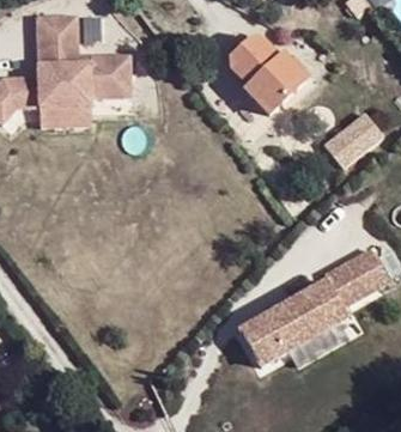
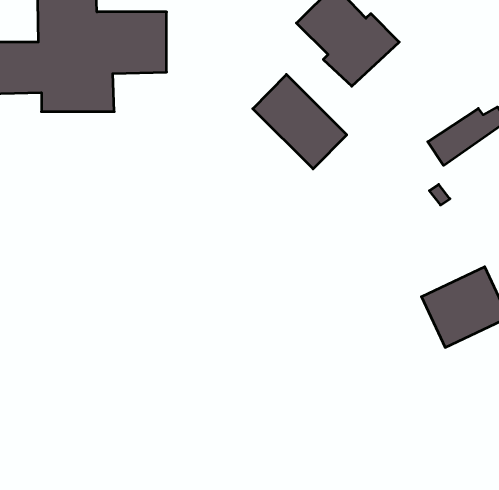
building: none -> [253,74,347,169]
building: [233,285,348,370] -> none

